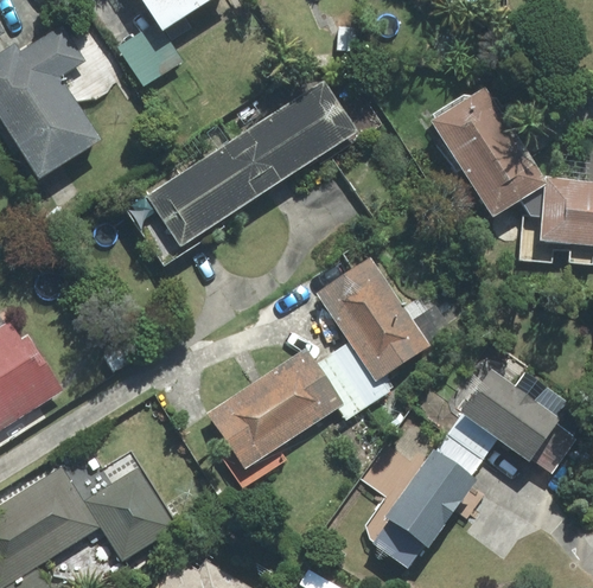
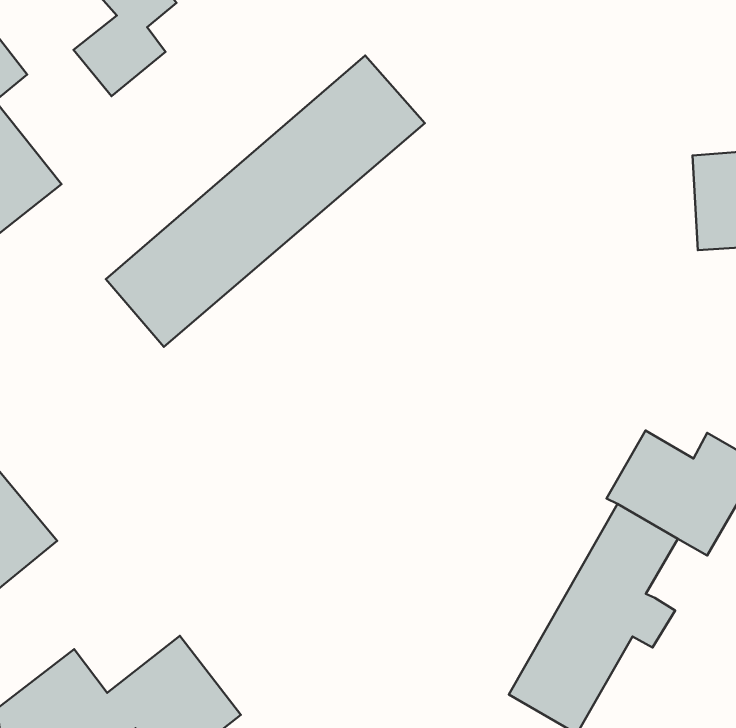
building: [423,89,537,219] -> none
building: [203,257,431,473] -> none

